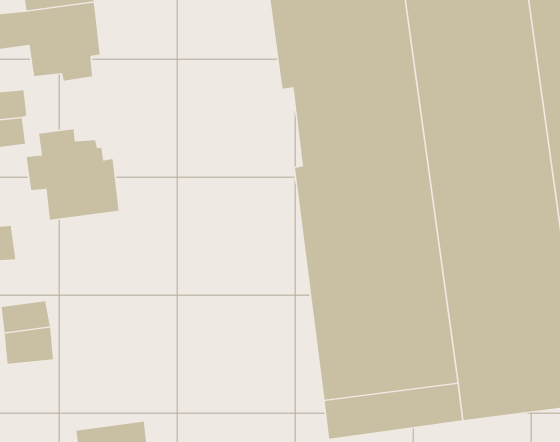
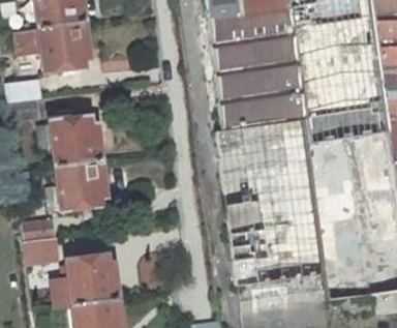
building: none -> [45,159,105,212]
building: none -> [53,255,117,306]

